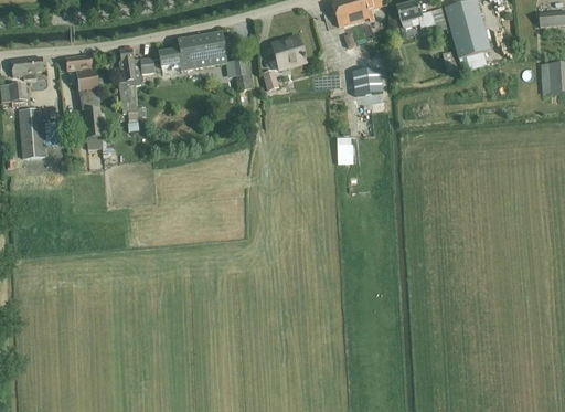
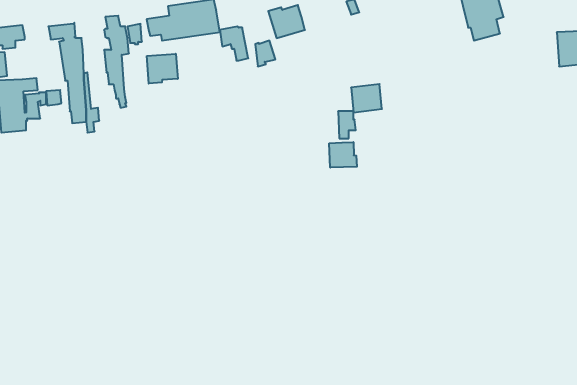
building: [354,66,383,93] -> [351,84,382,112]
building: none -> [147,54,178,84]
building: none -> [329,142,357,168]

